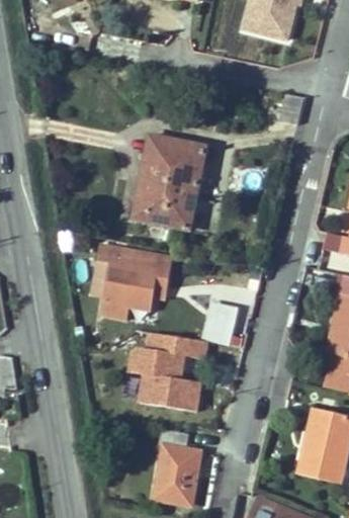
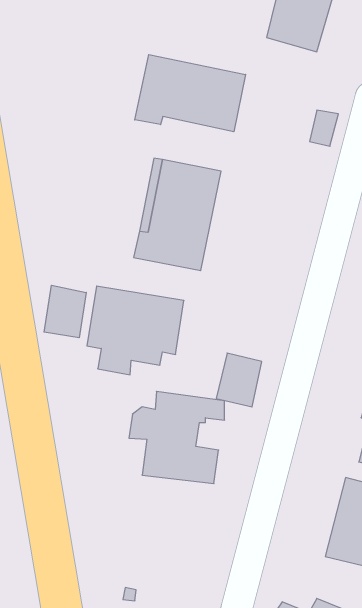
building: none -> [135,55,246,132]
building: none -> [44,285,86,338]
building: [154,431,199,505] -> none

